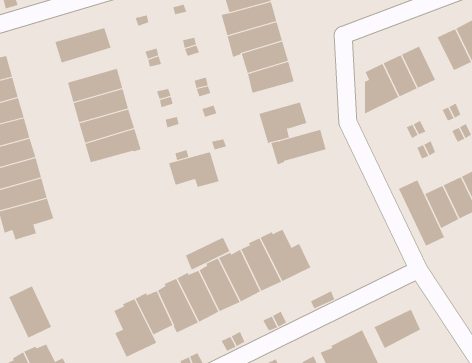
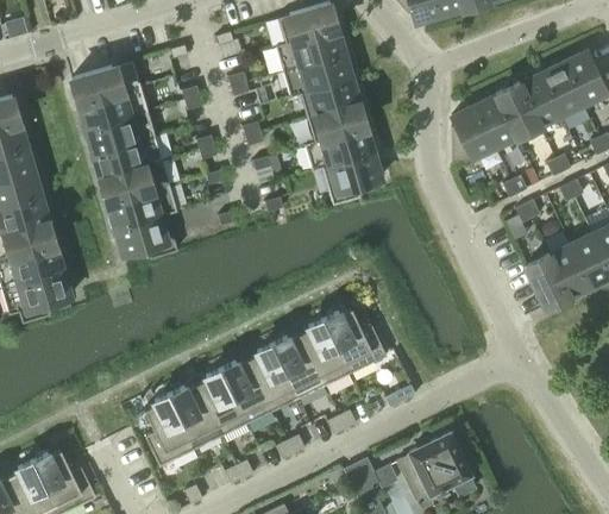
building: none -> [520,73,561,125]
building: none -> [80,86,149,128]
building: [270,129,327,165] -> [304,127,373,171]
building: [168,152,220,187] -> [115,213,178,257]
building: [398,179,445,247] -> none
building: [185,237,230,270] -> none
building: [8,286,52,338] -> none
building: [374,309,421,349] -> none

